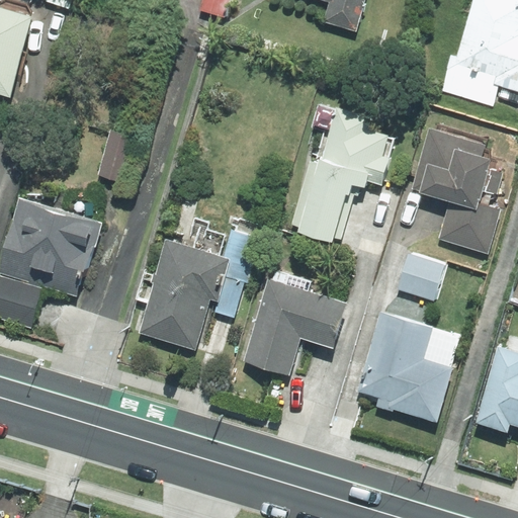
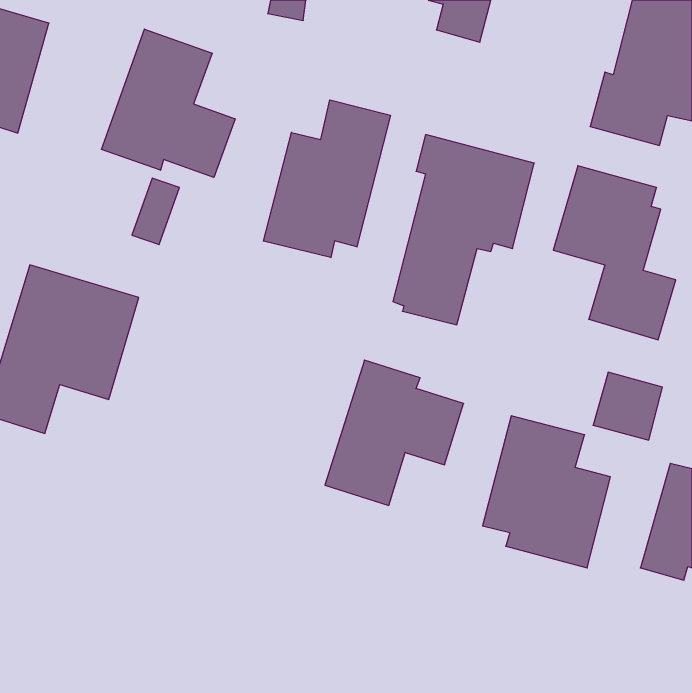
building: none -> [101,29,235,177]
building: none -> [263,100,390,258]
building: [137,226,260,347] -> none
building: [397,251,448,301] -> [593,372,662,440]

